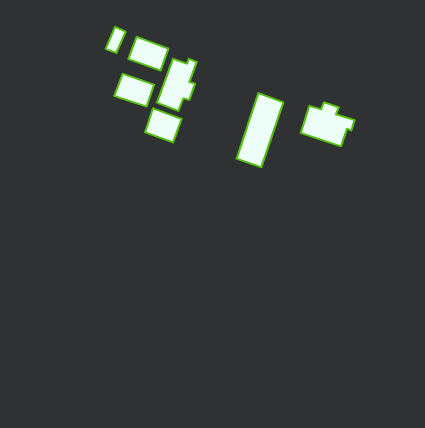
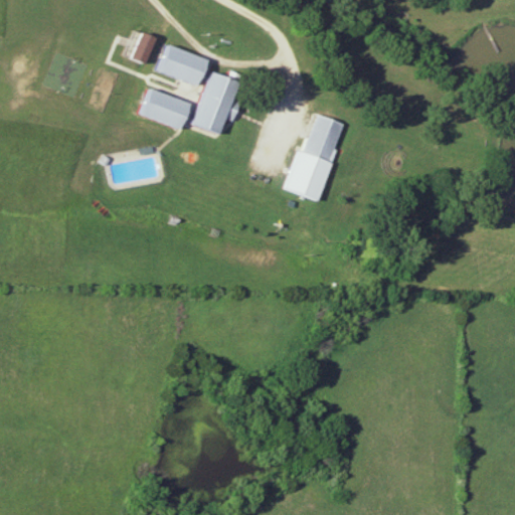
building: [301,102,355,146] -> none
building: [145,108,182,143] -> none

